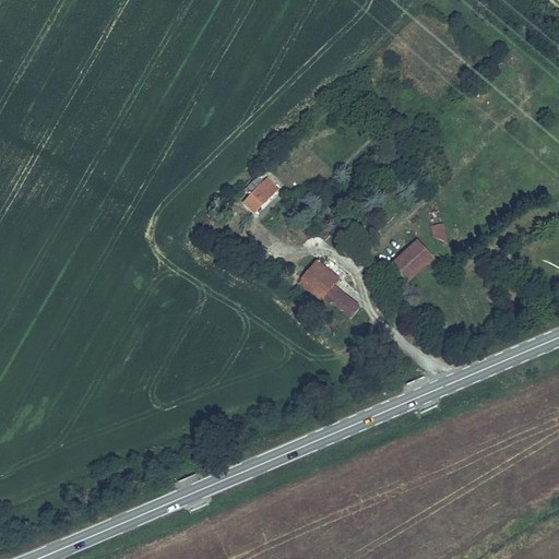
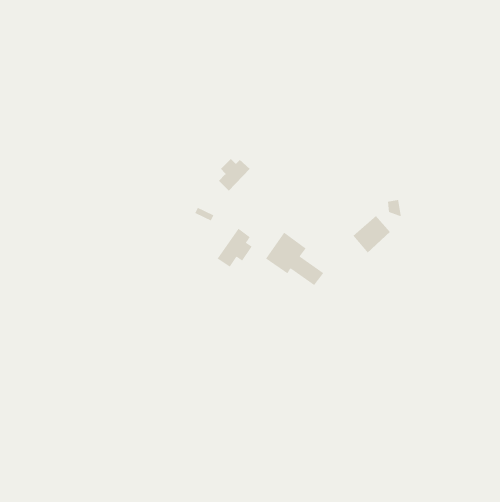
building: none -> [217,228,253,267]

